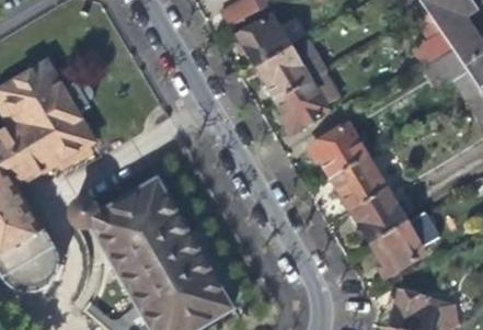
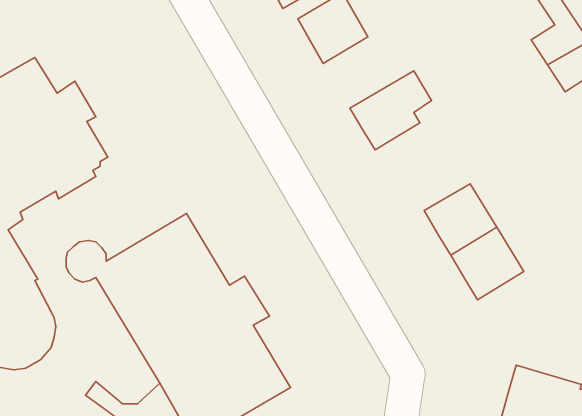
building: [257,36,325,99] -> none
building: [312,122,366,174] -> none
building: [371,208,438,271] -> none

